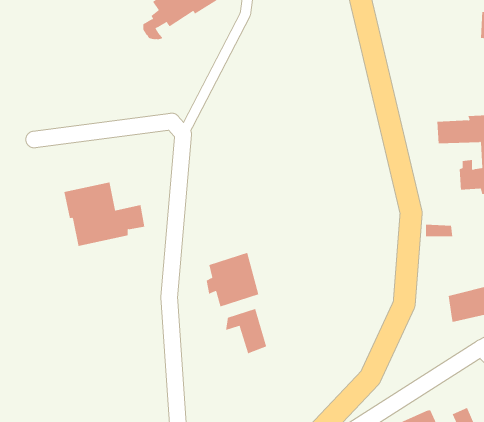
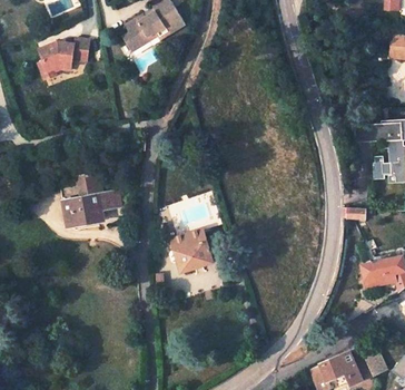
building: none -> [40,38,91,79]
building: [226,308,267,354] -> none

